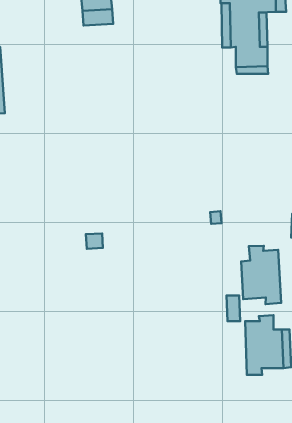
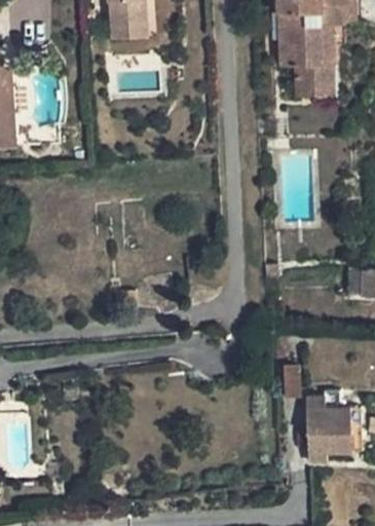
building: [241,246,281,304] -> none

